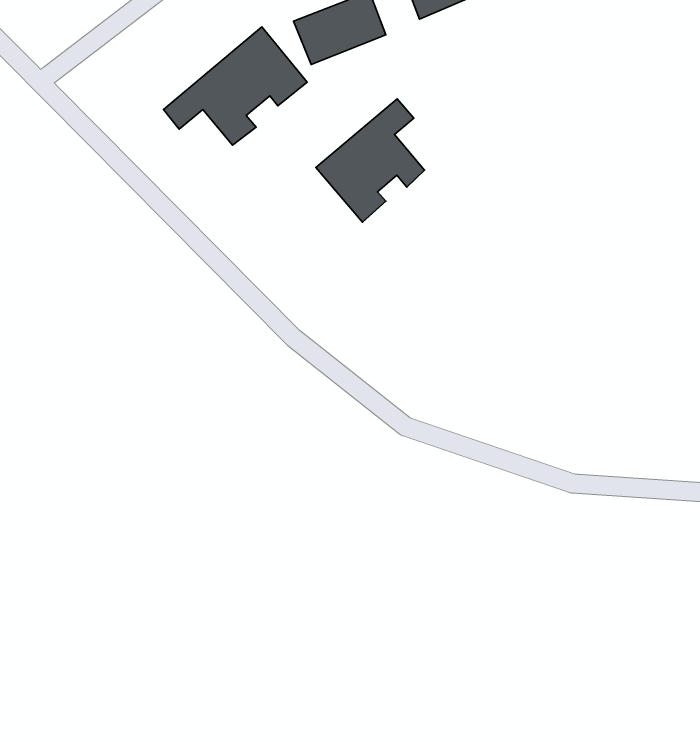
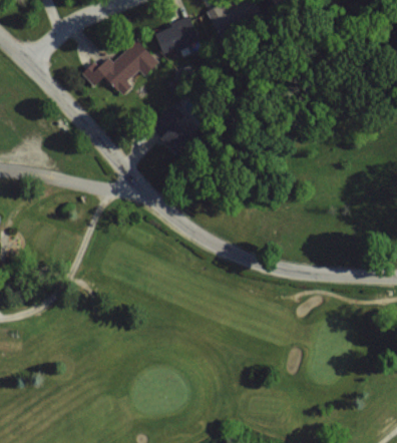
building: [316,99,425,222] -> none

